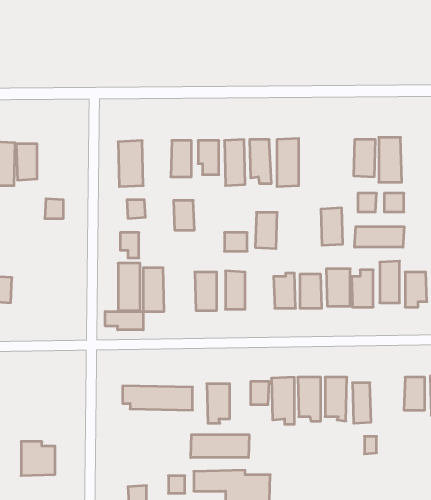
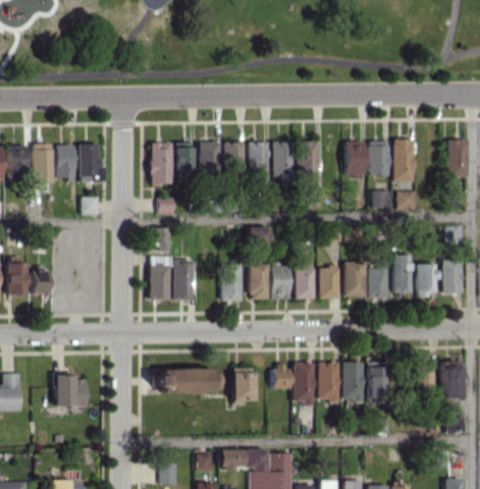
building: none -> [81,145,107,182]
building: [174,200,194,230] -> [175,144,195,171]
building: [321,208,343,245] -> [345,142,366,176]
building: [255,212,277,249] -> [271,267,291,301]
building: [355,227,404,247] -> none
building: [105,311,143,330] -> none
building: [191,435,249,458] -> none
building: [21,442,55,476] -> [56,376,88,408]

